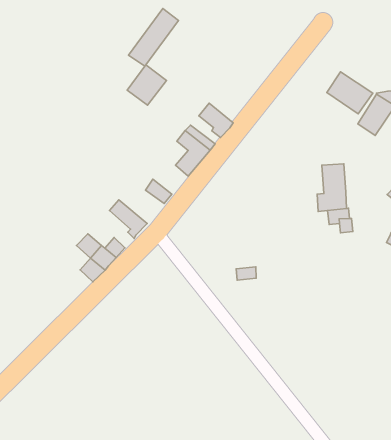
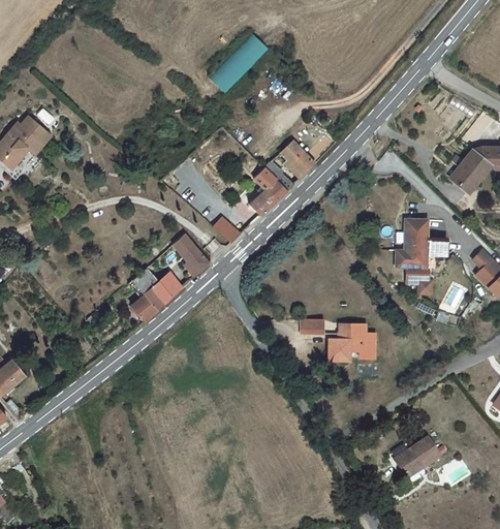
building: [127,65,166,105] -> none
building: [327,72,373,114] -> none
building: none -> [327,324,375,361]
building: none -> [393,435,442,475]

